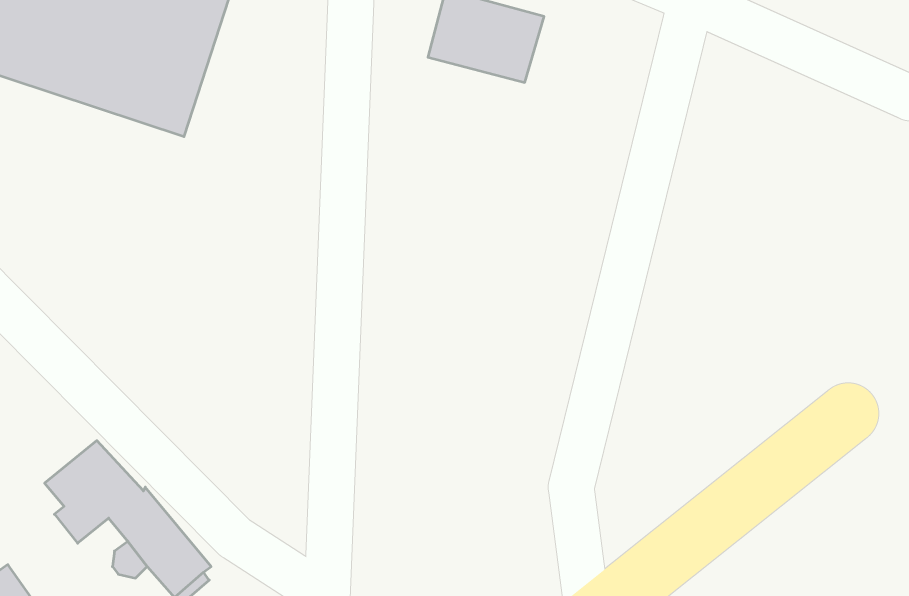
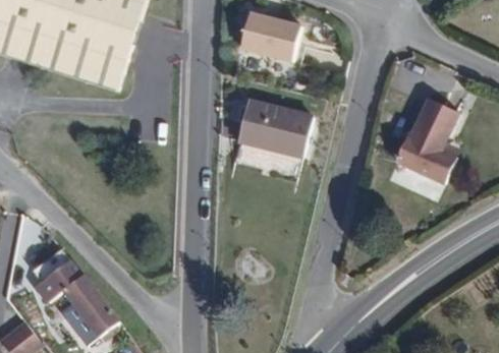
building: none -> [394,94,455,176]
building: none -> [237,105,312,161]

